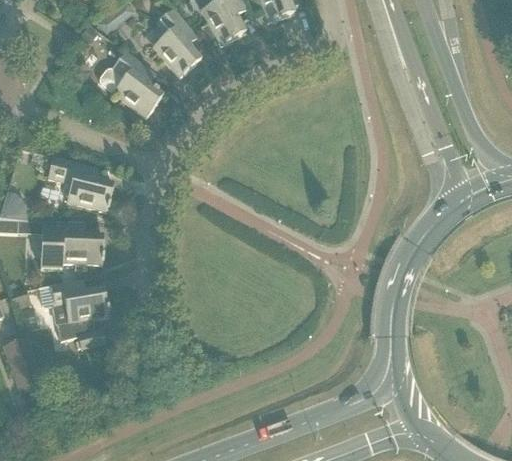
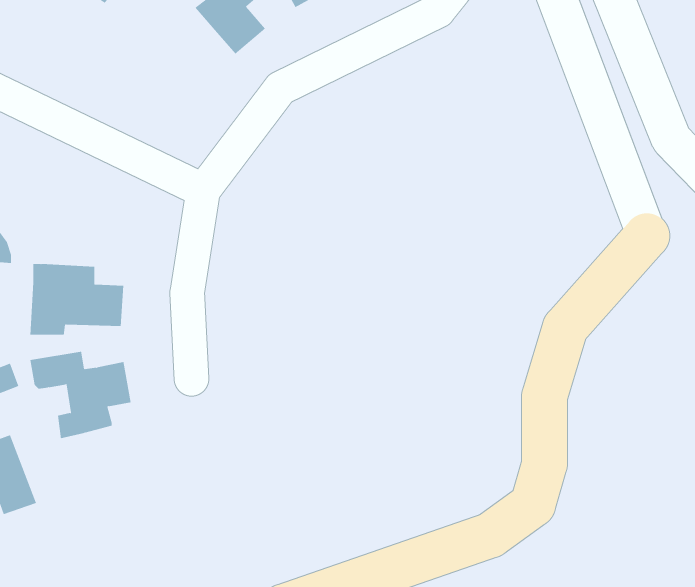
building: [99,51,163,118] -> none
building: [48,157,114,212] -> none

